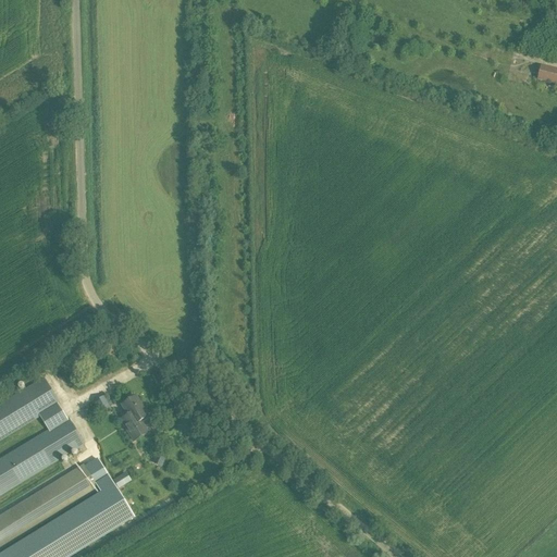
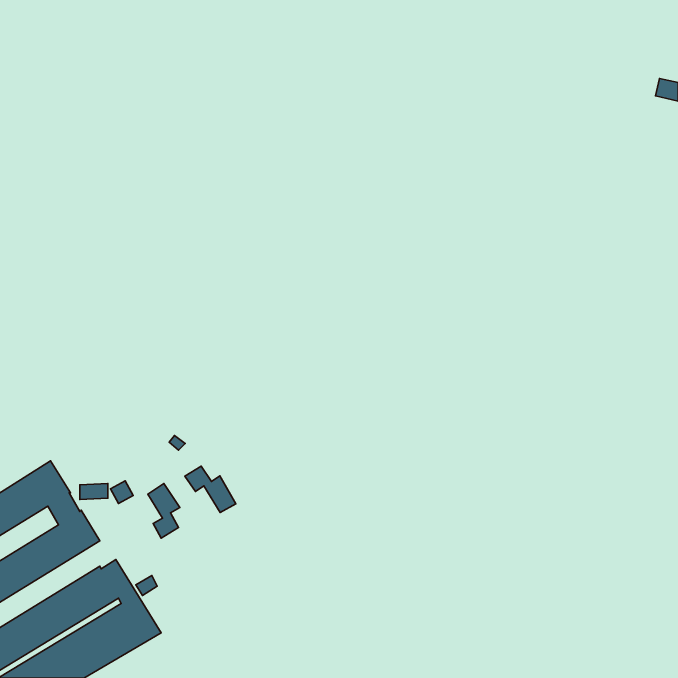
building: none -> [185,466,236,513]

